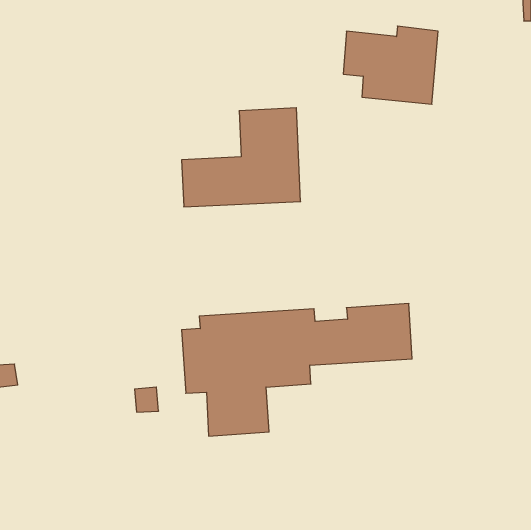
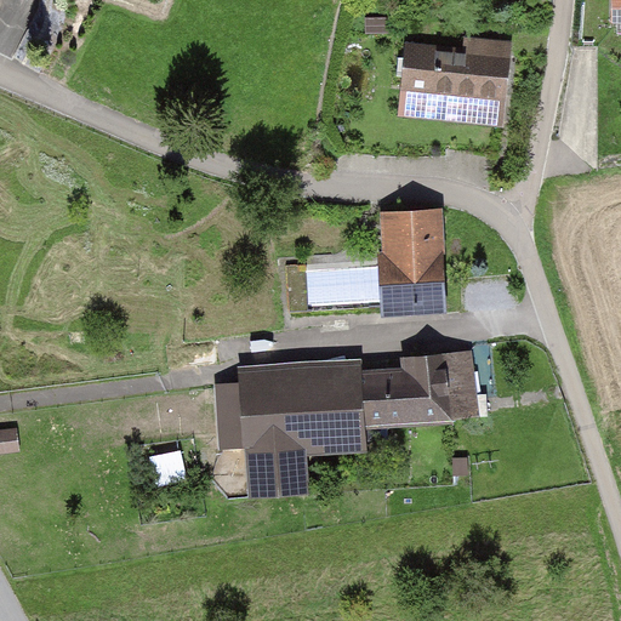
building: [182,108,301,207] -> [309,201,448,317]

